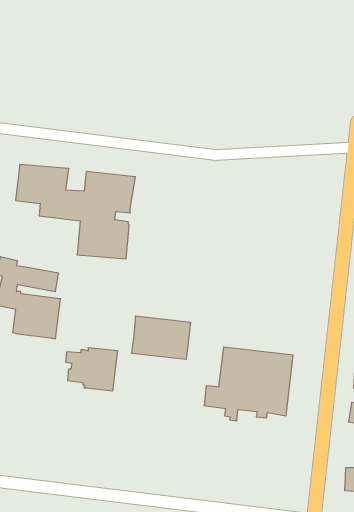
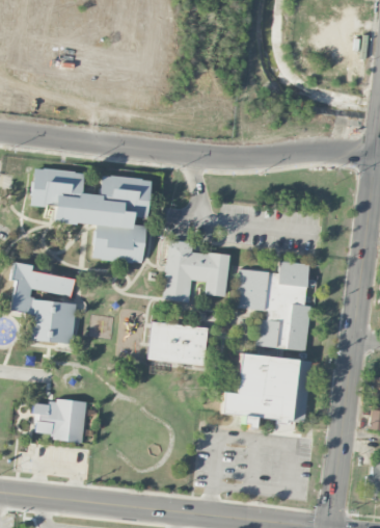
building: none -> [163,238,229,301]
building: none -> [235,261,310,351]
building: [66,348,118,391] -> [33,398,86,442]

